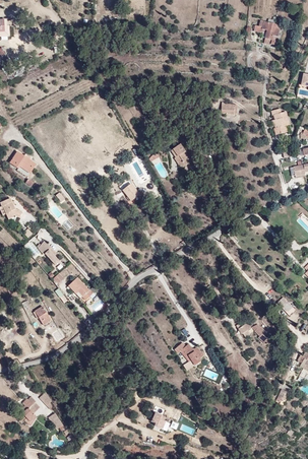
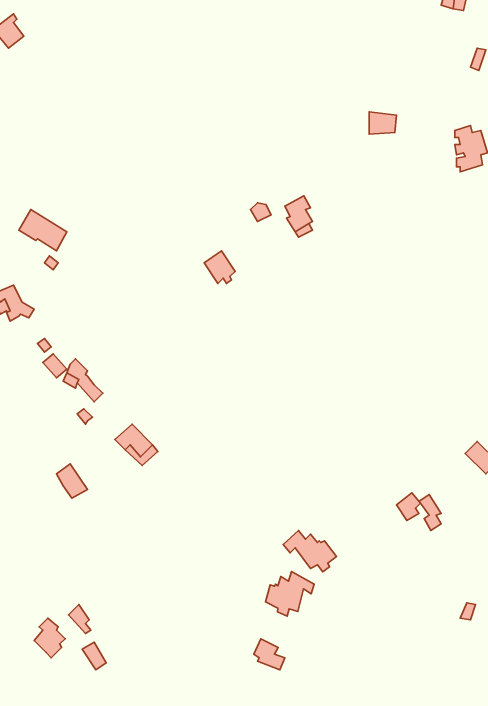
building: none -> [265,572,314,616]

